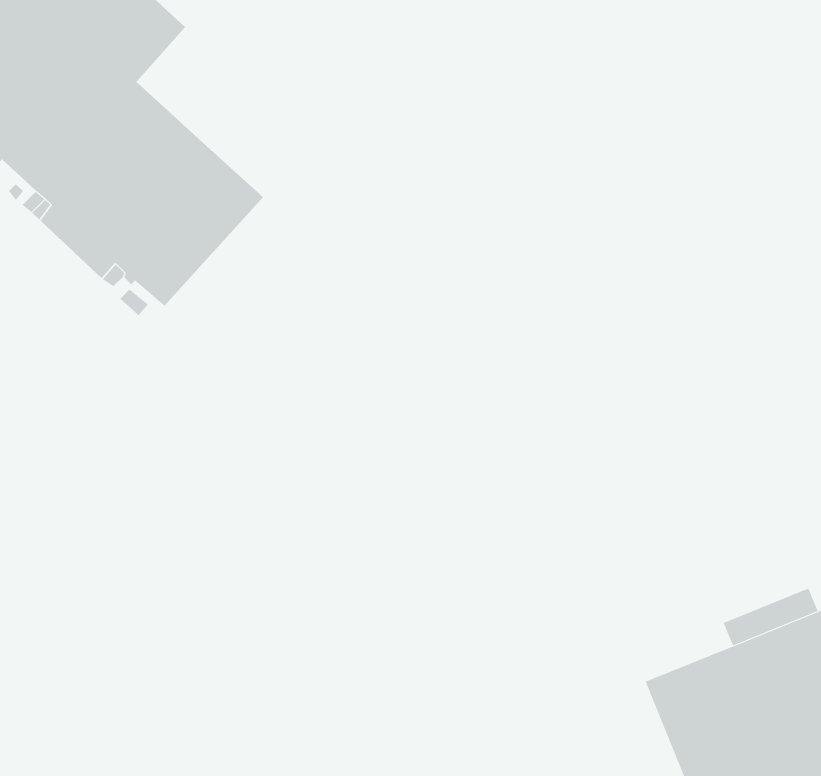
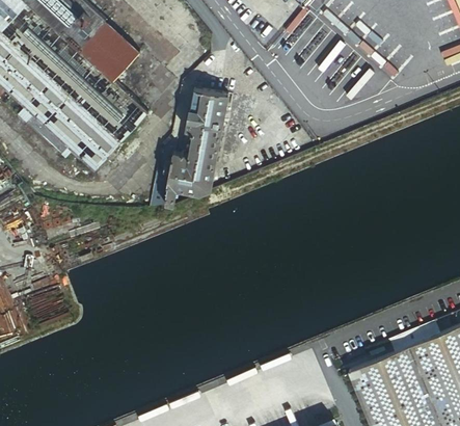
building: none -> [79,22,141,83]
building: none -> [166,88,228,204]

